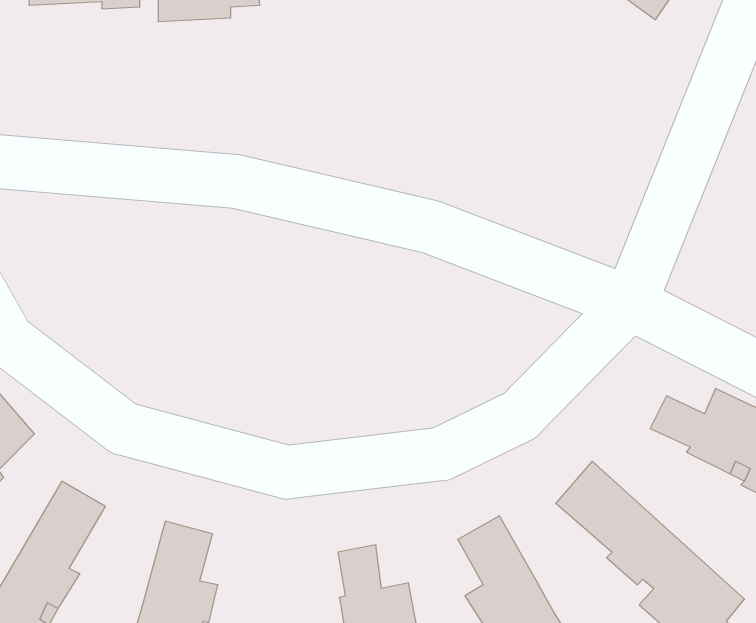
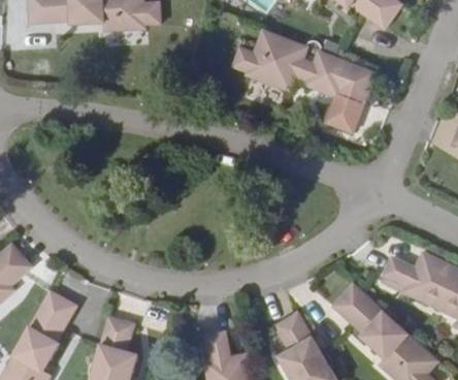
building: none -> [236,29,379,135]

